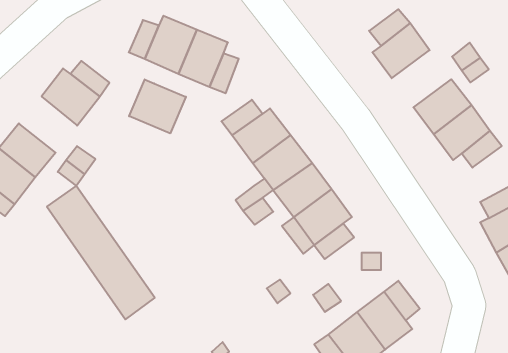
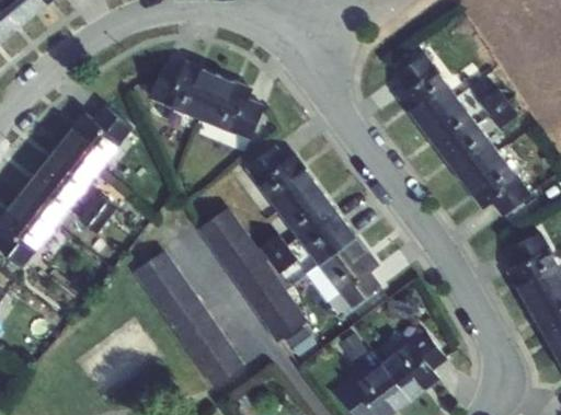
building: none -> [419,94,479,152]
building: [129,79,186,133] -> none
building: none -> [39,141,99,198]
building: none -> [198,206,307,341]
building: [47,186,155,319] -> [134,250,243,385]

